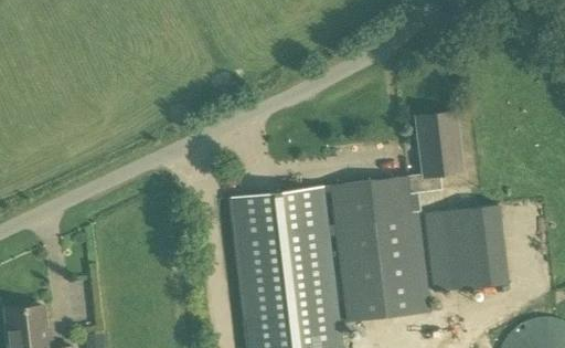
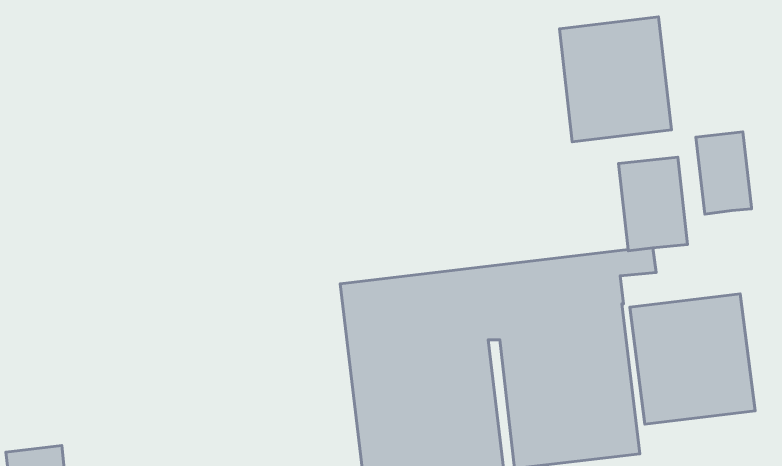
building: none -> [560,17,671,142]
building: none -> [696,132,752,214]

